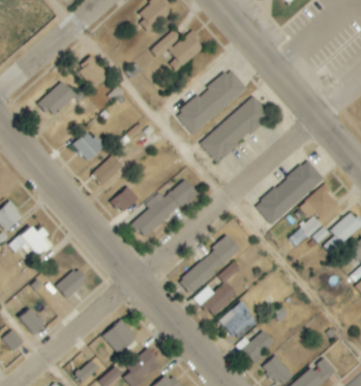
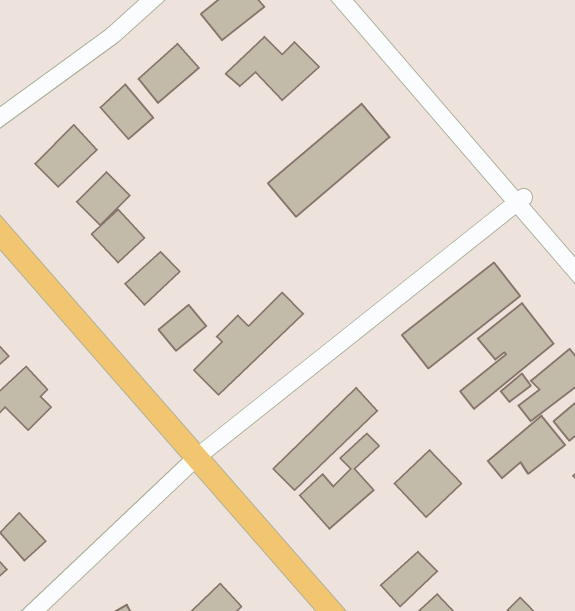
building: none -> [138,44,199,103]
building: [200,95,271,161] -> none
building: none -> [77,172,130,225]
building: none -> [488,416,565,478]
building: [57,267,88,298] -> none
building: [219,301,259,340] -> [394,450,461,517]
building: [103,319,138,353] -> none

